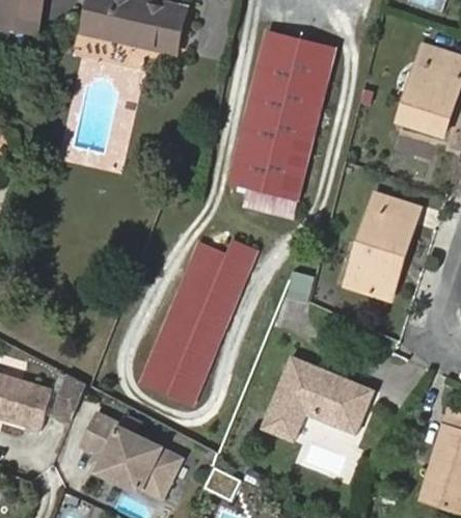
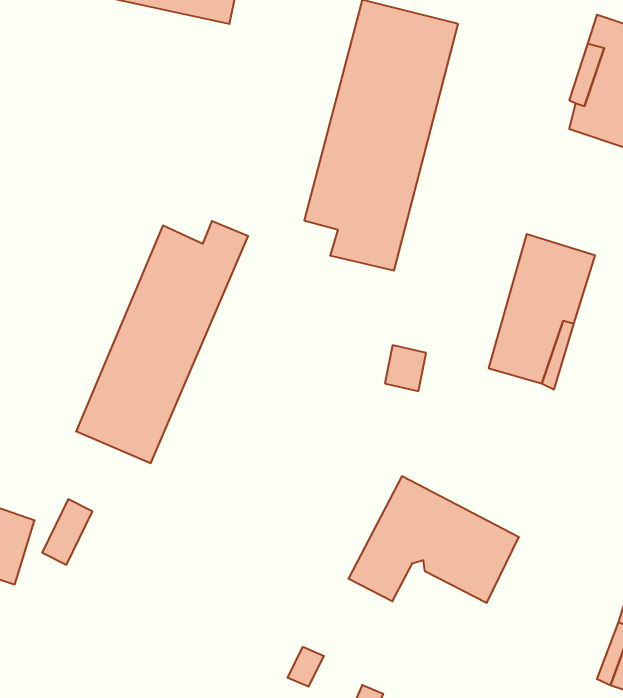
building: [138,241,255,406] -> [76,221,248,463]
building: [76,413,175,496] -> none

